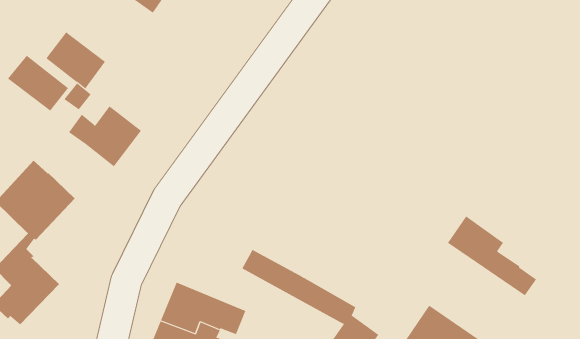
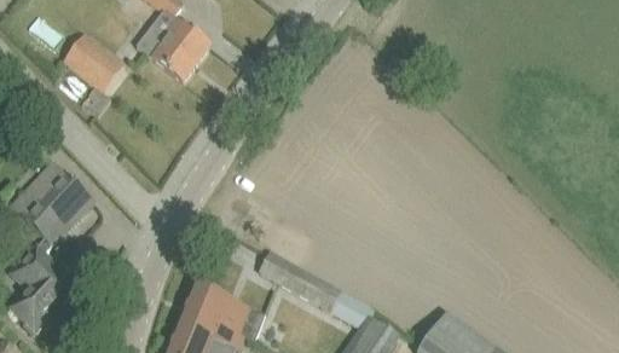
building: [7,55,69,112] -> none
building: [68,106,142,167] -> [137,21,210,82]
building: [447,216,537,296] -> none

